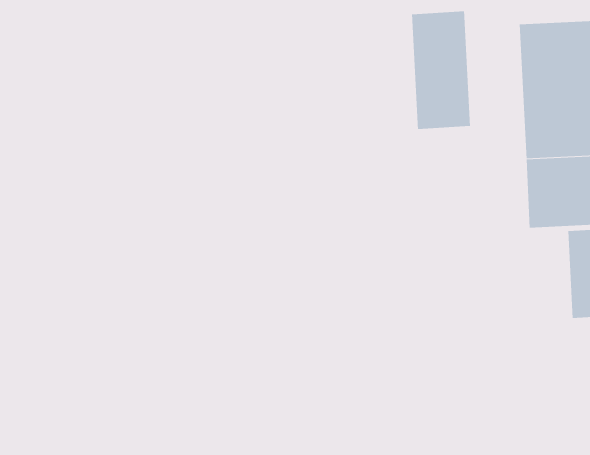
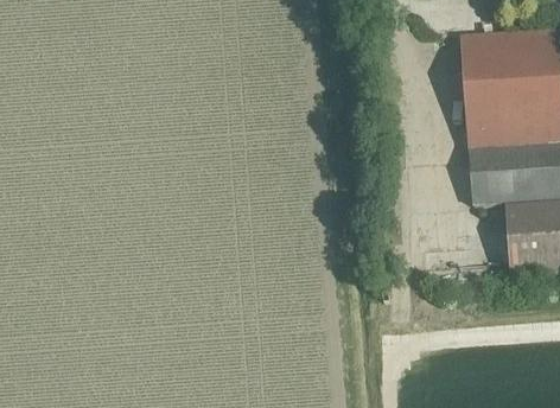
building: [411,10,471,130] -> none

